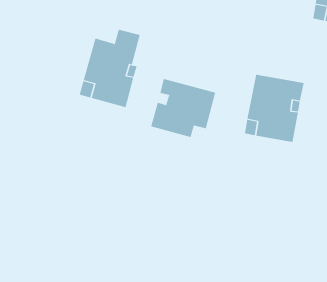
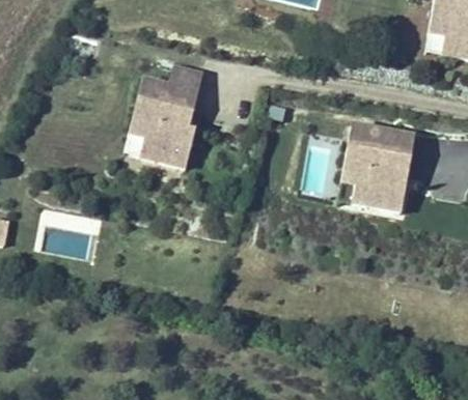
building: [151,78,216,138] -> none

